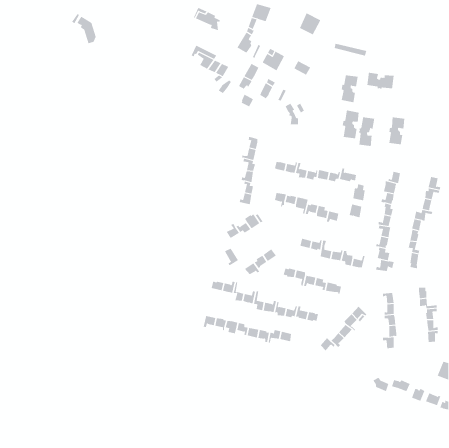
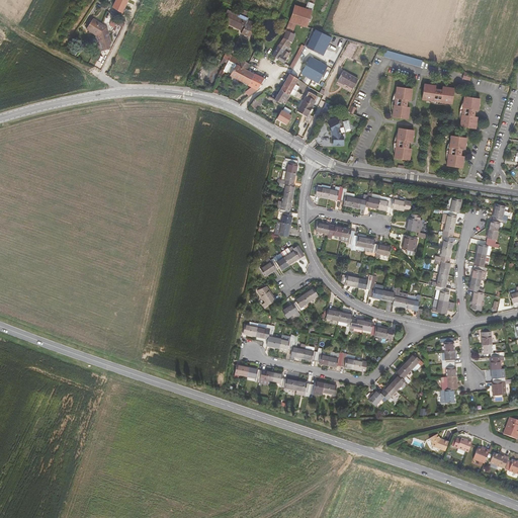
building: [299,12,321,35] -> [307,28,332,55]
building: none -> [459,95,480,127]
building: [359,116,375,147] -> none

